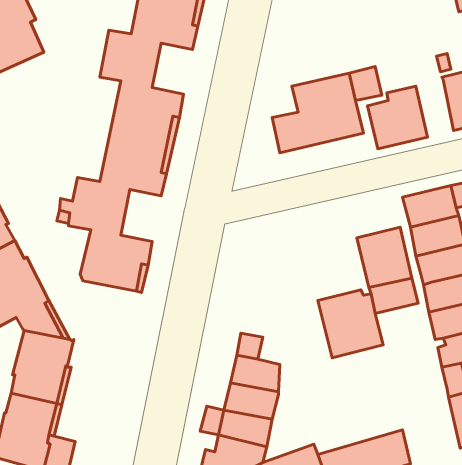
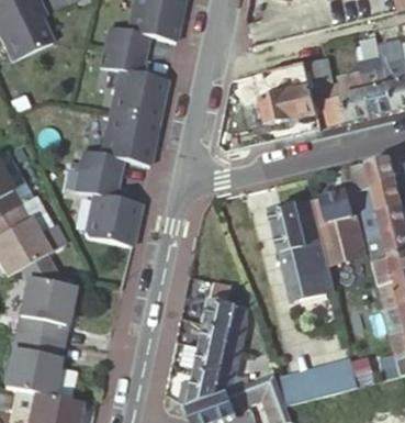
building: none -> [360,58,394,115]
building: none -> [270,200,325,253]

